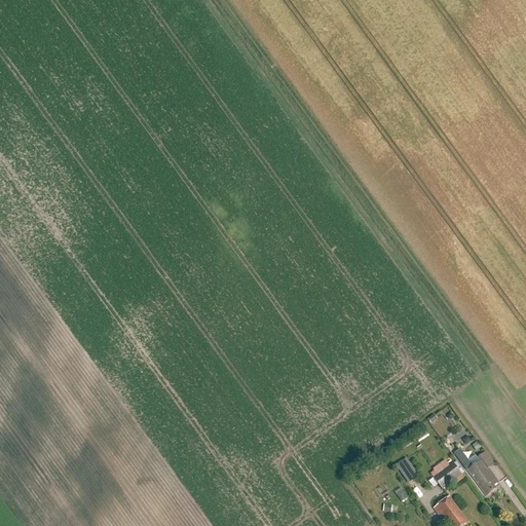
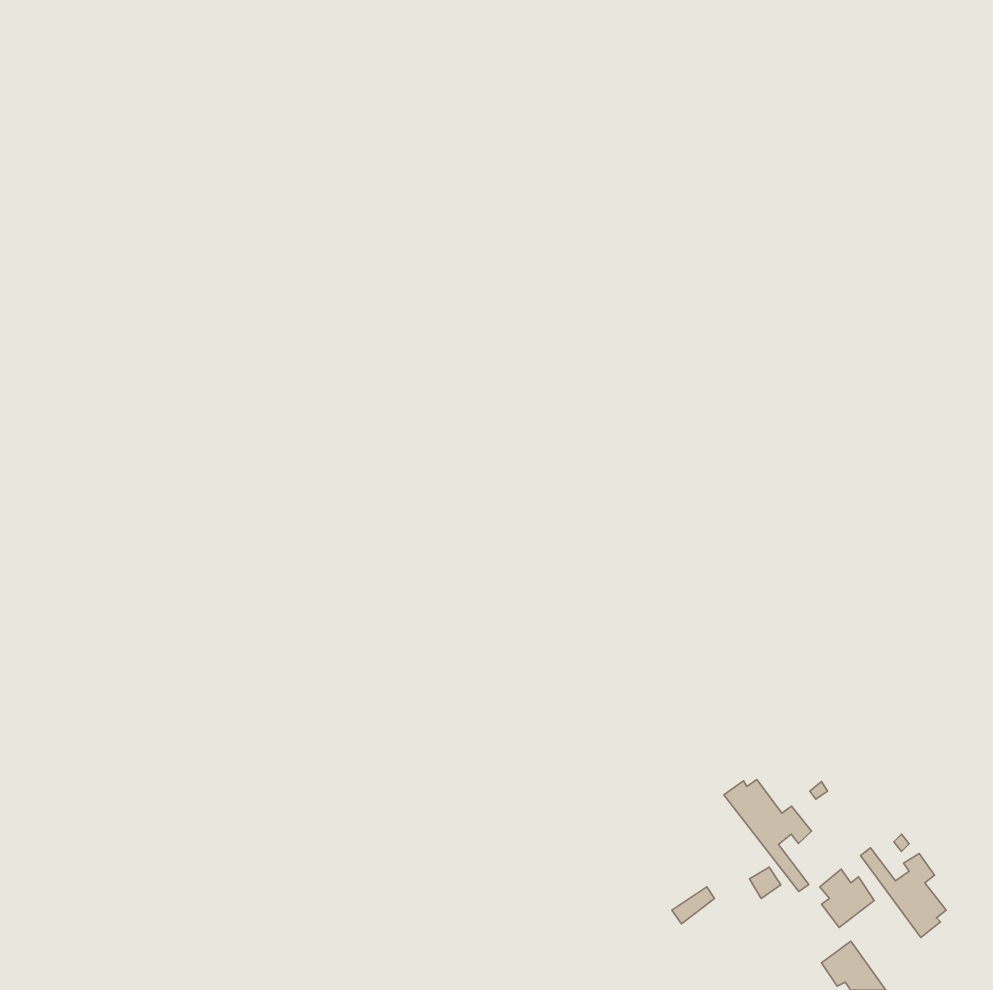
building: none -> [724,780,811,892]

